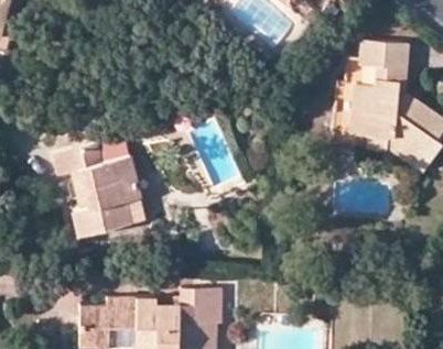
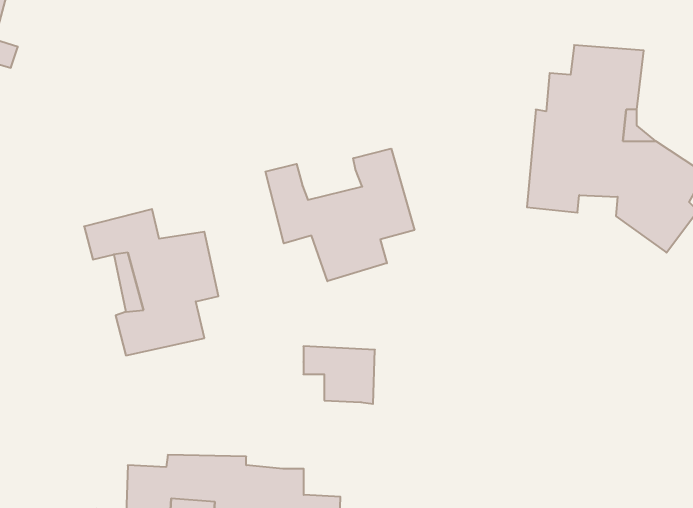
building: none -> [265,149,414,281]
building: [180,288,225,325] -> [303,346,375,404]

